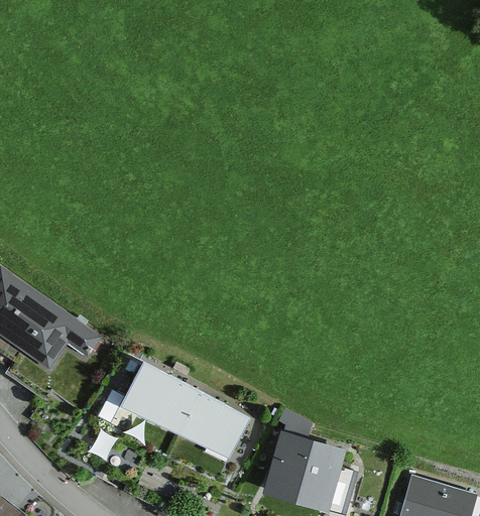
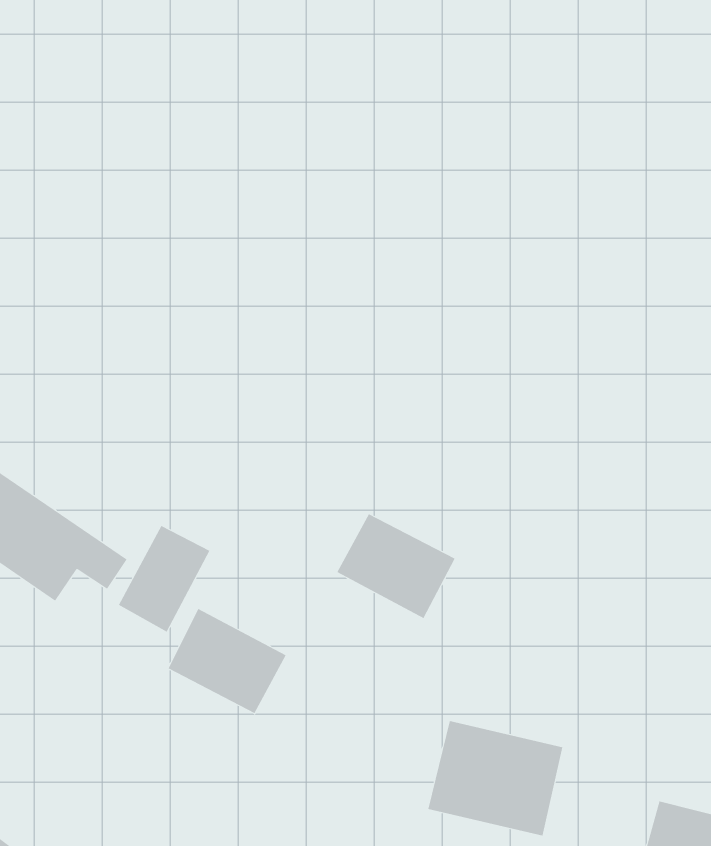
building: none -> [118,525,210,633]
building: [165,394,237,458] -> [337,513,456,619]

